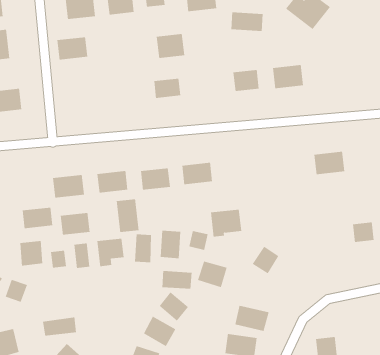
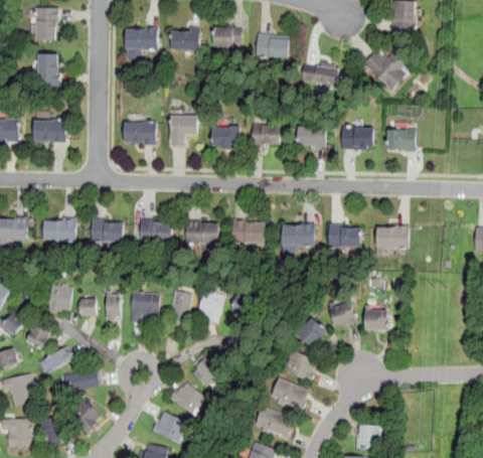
building: [156,34,185,59] -> [252,125,281,149]
building: [56,37,88,60] -> [124,122,156,144]
building: none -> [386,128,416,151]
building: none -> [170,116,197,145]
building: none -> [328,224,361,248]
building: [116,198,139,233] -> none
building: [22,207,53,229] -> [43,219,75,240]
building: [210,209,242,237] -> [282,223,314,251]
building: [60,212,90,235] -> none
building: [352,222,375,242] -> [364,310,386,330]
building: none -> [329,300,356,328]
building: [197,261,228,288] -> [284,351,318,383]
building: [162,270,192,289] -> none
building: none -> [39,347,73,374]

